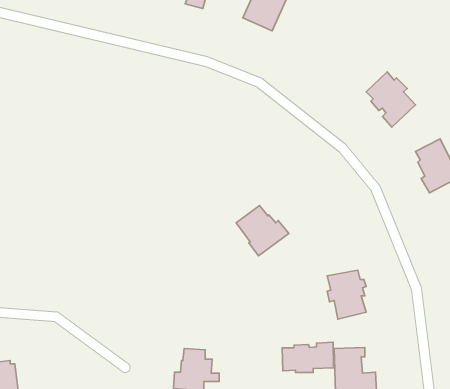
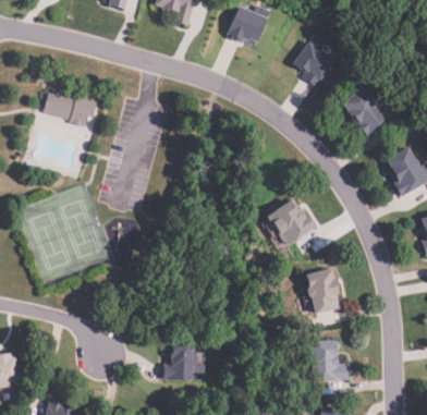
building: none -> [293,33,336,86]
building: none -> [44,91,98,126]
building: [236,205,289,256] -> [267,198,316,245]
building: [282,342,334,373] -> none

